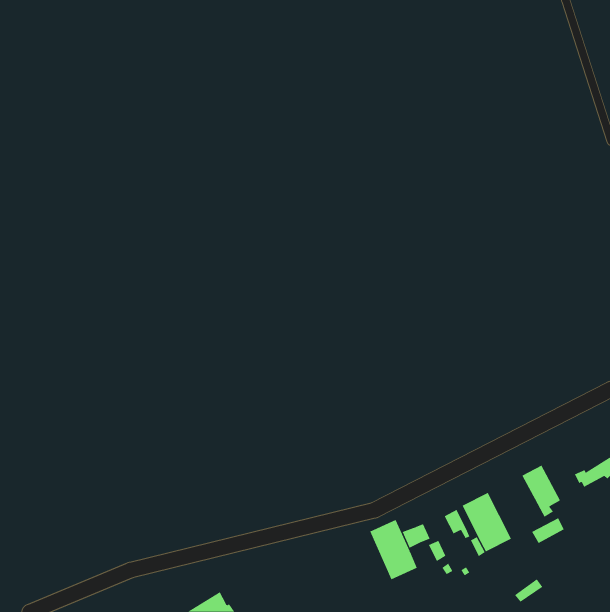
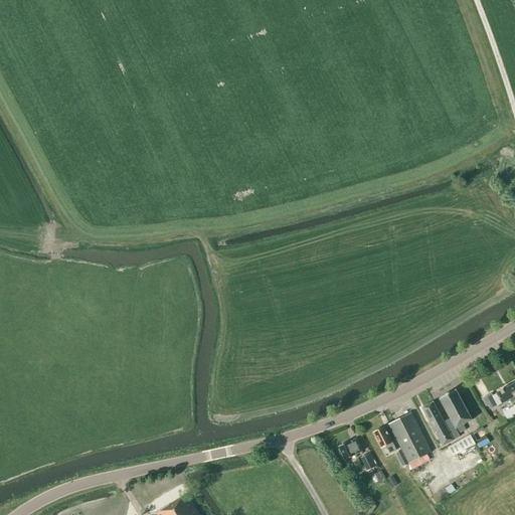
building: none -> [422,402,461,447]
building: [370,519,417,580] -> none

